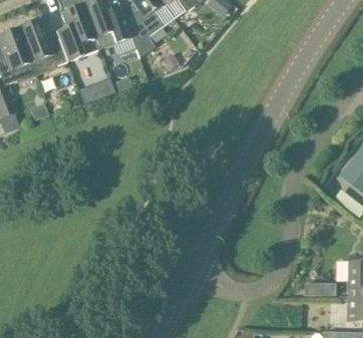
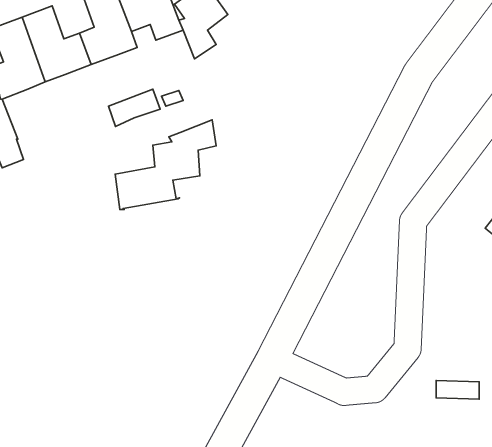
building: none -> [115,120,216,209]

